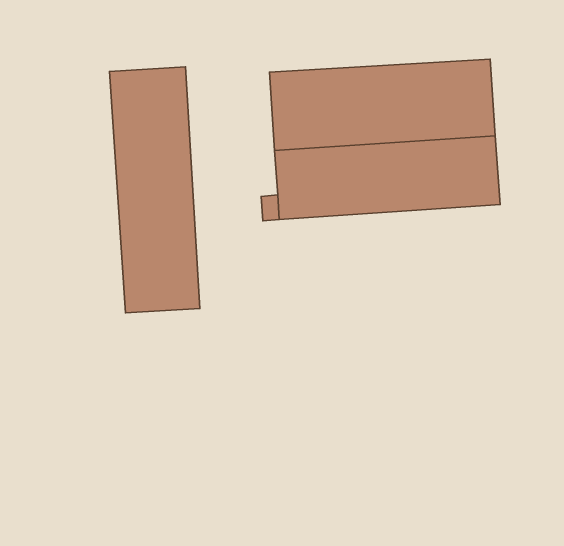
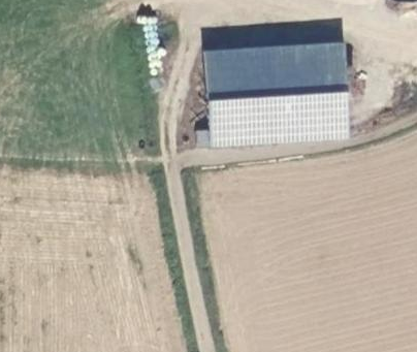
building: [110,67,200,313] -> none

